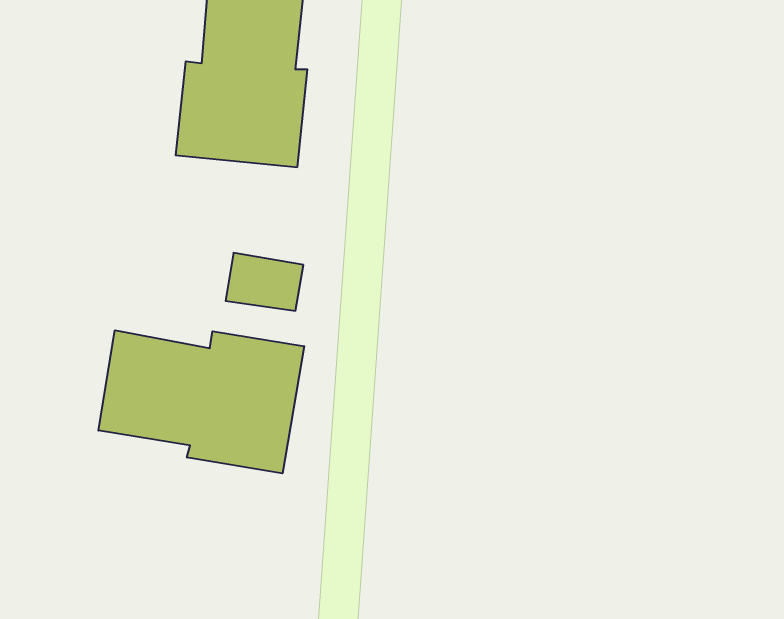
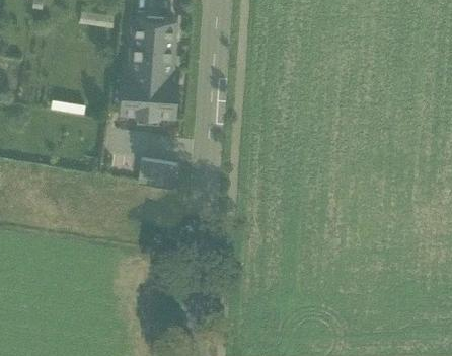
building: [98,330,304,473] -> none

